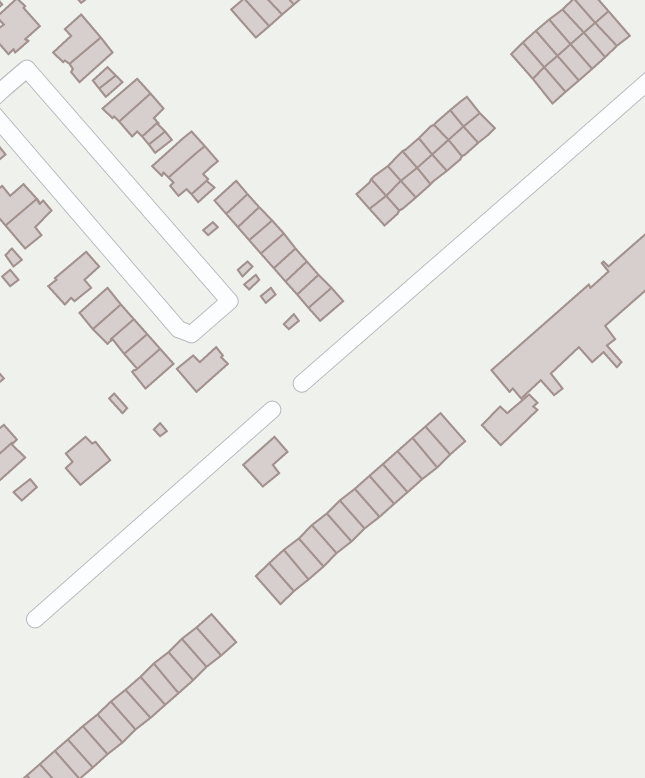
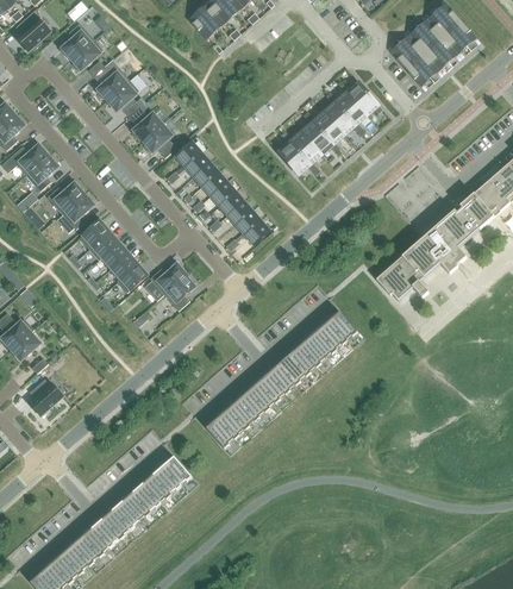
building: none -> [46,180,83,212]
building: [482,394,537,445] -> none
building: [243,437,288,486] -> [163,274,195,309]
building: [66,437,110,485] -> [29,380,61,414]

